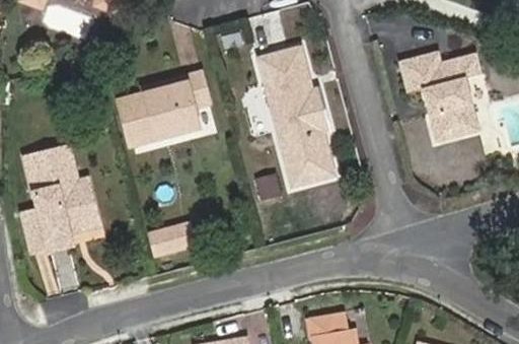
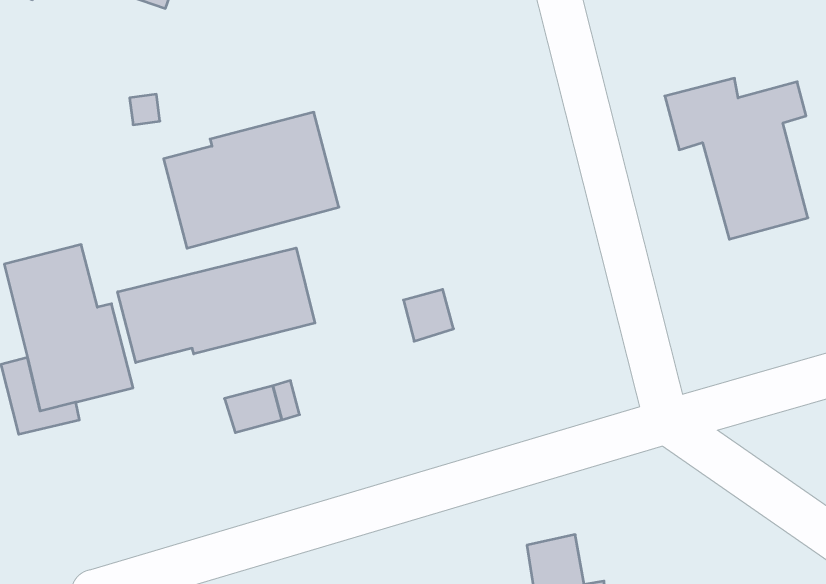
building: [256,46,336,189] -> none
building: none -> [118,248,315,363]

